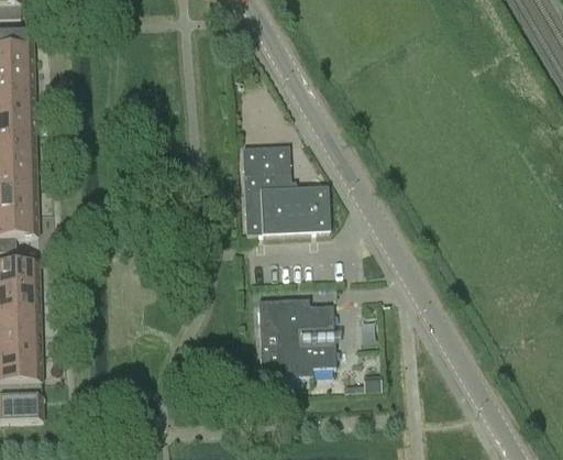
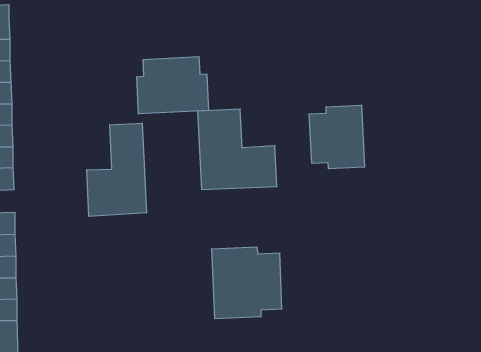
building: none -> [137,57,209,114]
building: none -> [309,105,365,169]
building: none -> [87,123,147,216]

